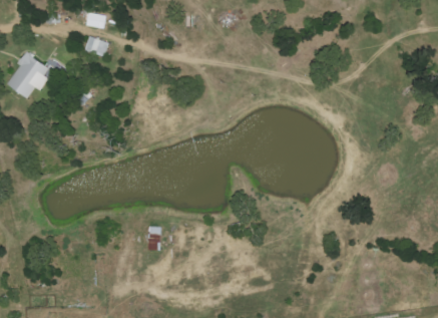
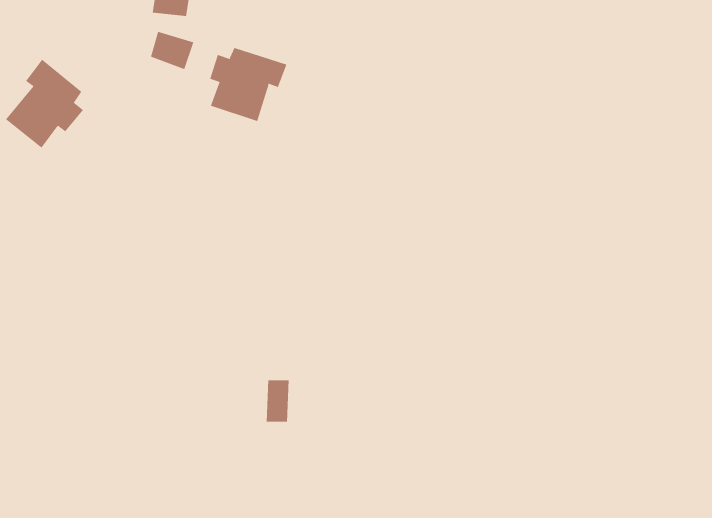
building: none -> [210,47,287,122]

